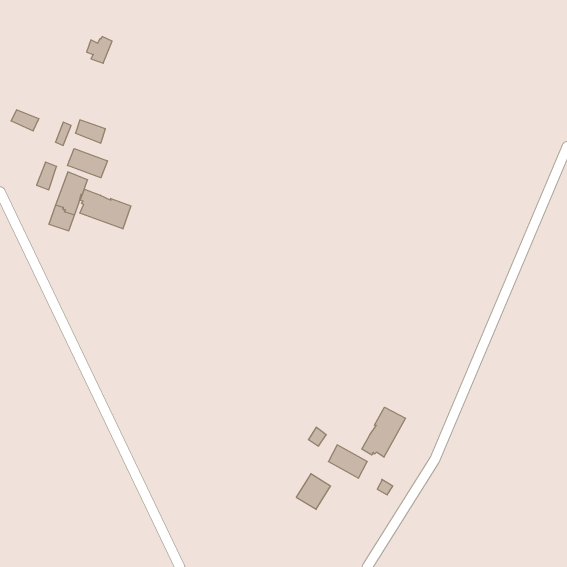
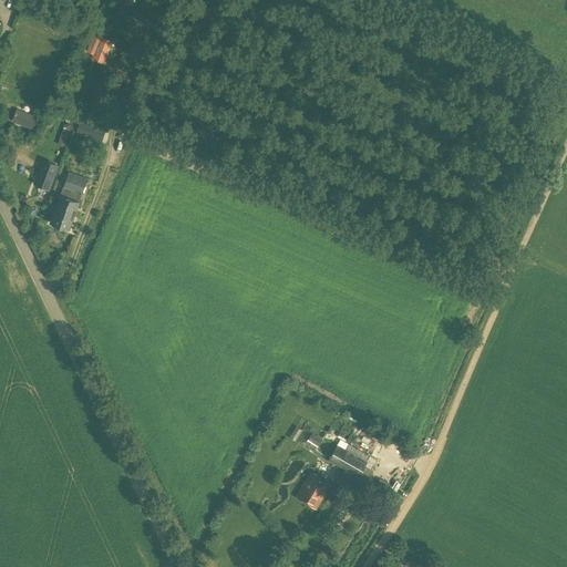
building: [68,149,107,178] -> none
building: [80,189,131,229] -> none
building: [362,407,406,457] -> none

